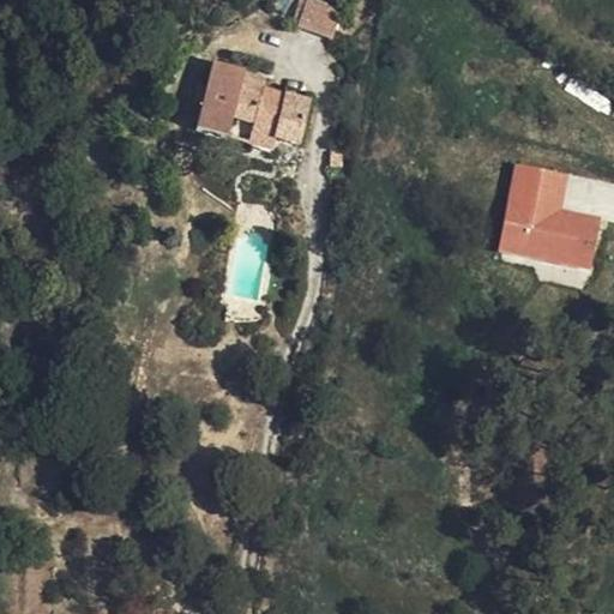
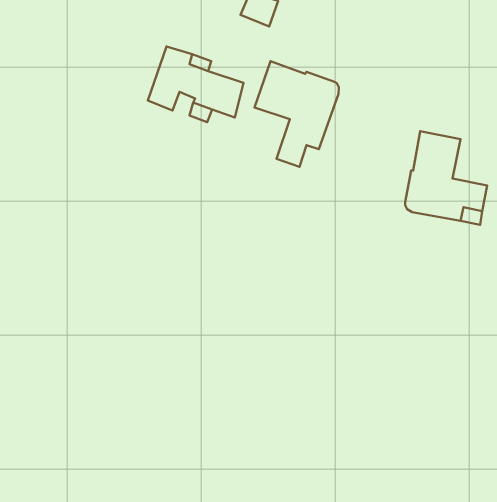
building: none -> [255,61,339,167]

